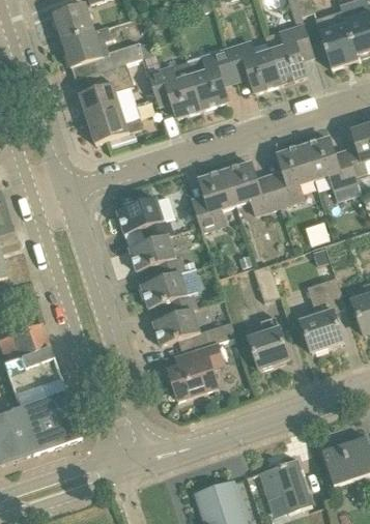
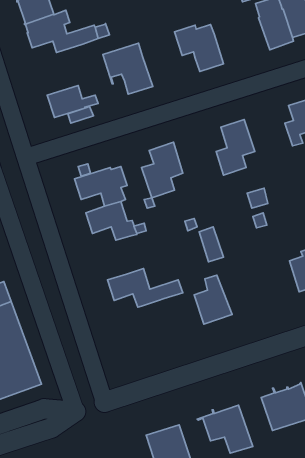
building: [269,24,314,84] -> none
building: [187,49,236,109] -> none
building: [79,62,133,118] -> none
building: [303,137,361,198] -> none
building: [225,162,280,213] -> none
building: [140,272,196,315] -> none
building: [300,278,345,352] -> none
building: [168,342,222,400] -> none

